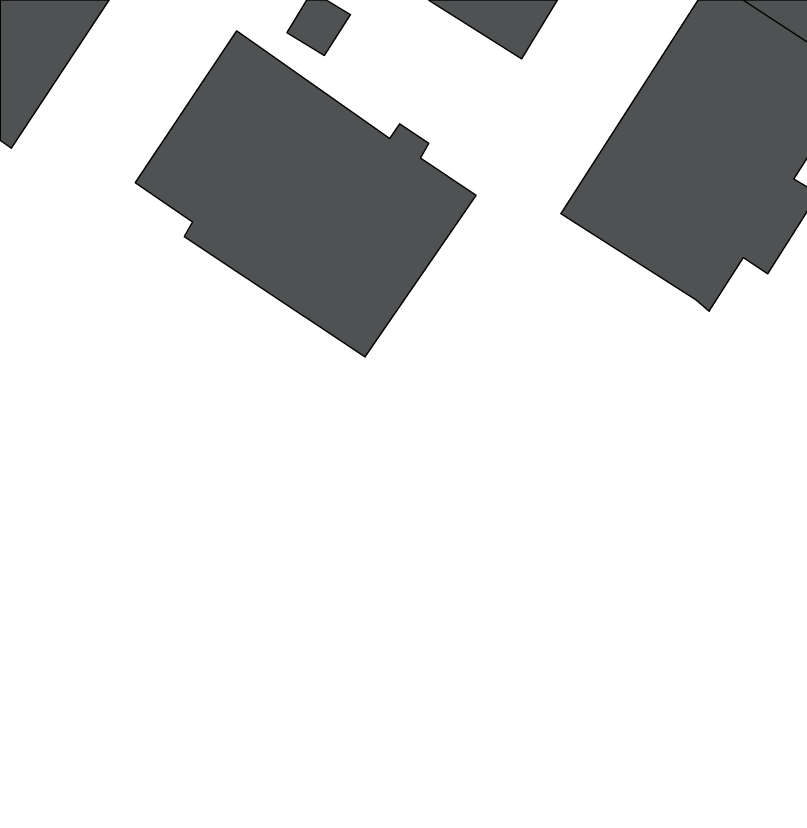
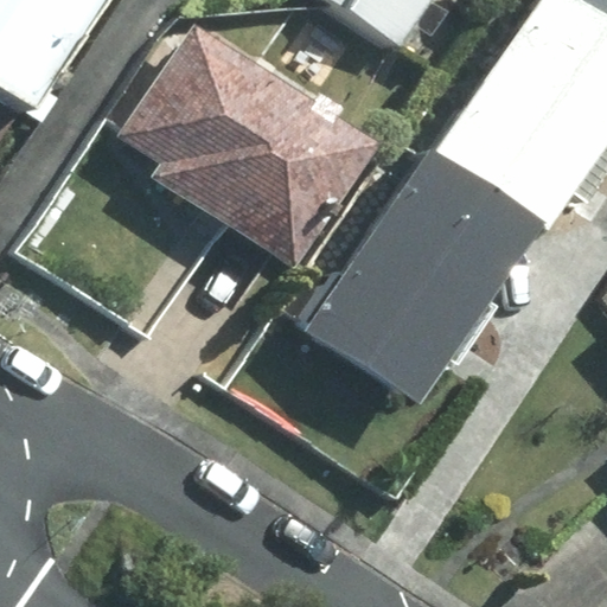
building: none -> [299,152,525,403]

